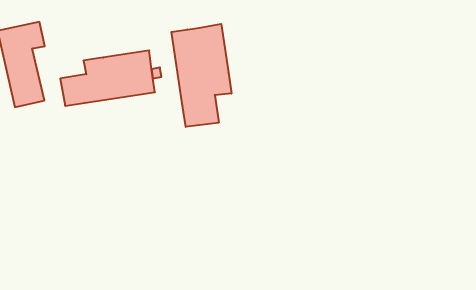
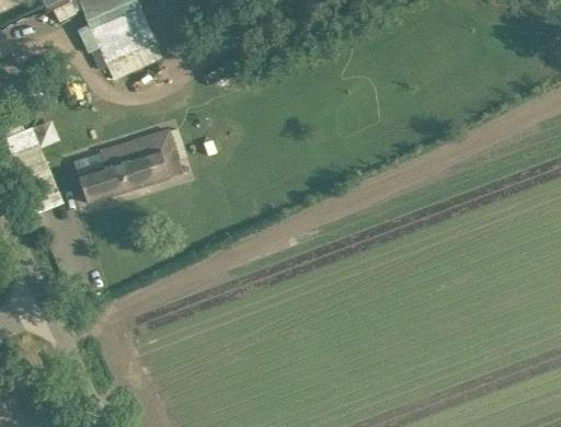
building: [171,24,231,127] -> none

